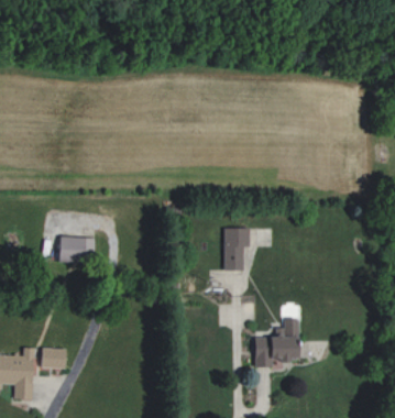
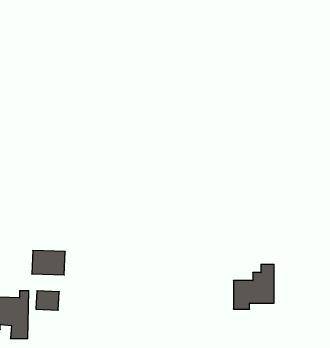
building: [223,228,250,271] -> none
building: [58,237,95,263] -> [32,251,65,275]

